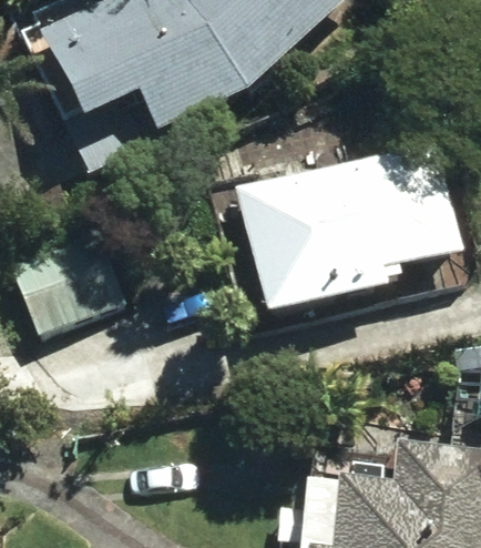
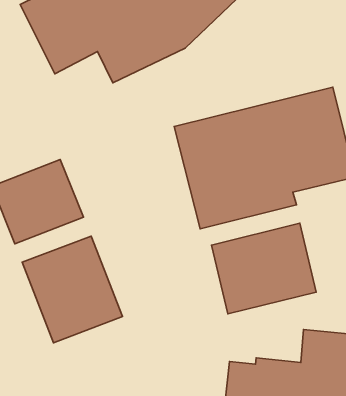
building: none -> [211,223,316,314]
building: none -> [22,236,122,343]

